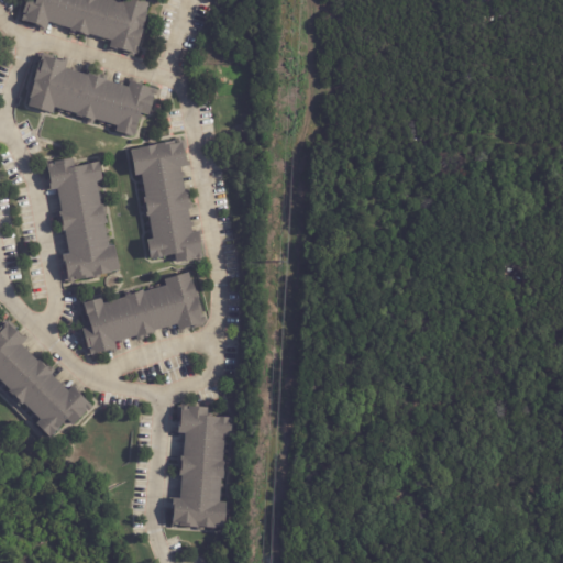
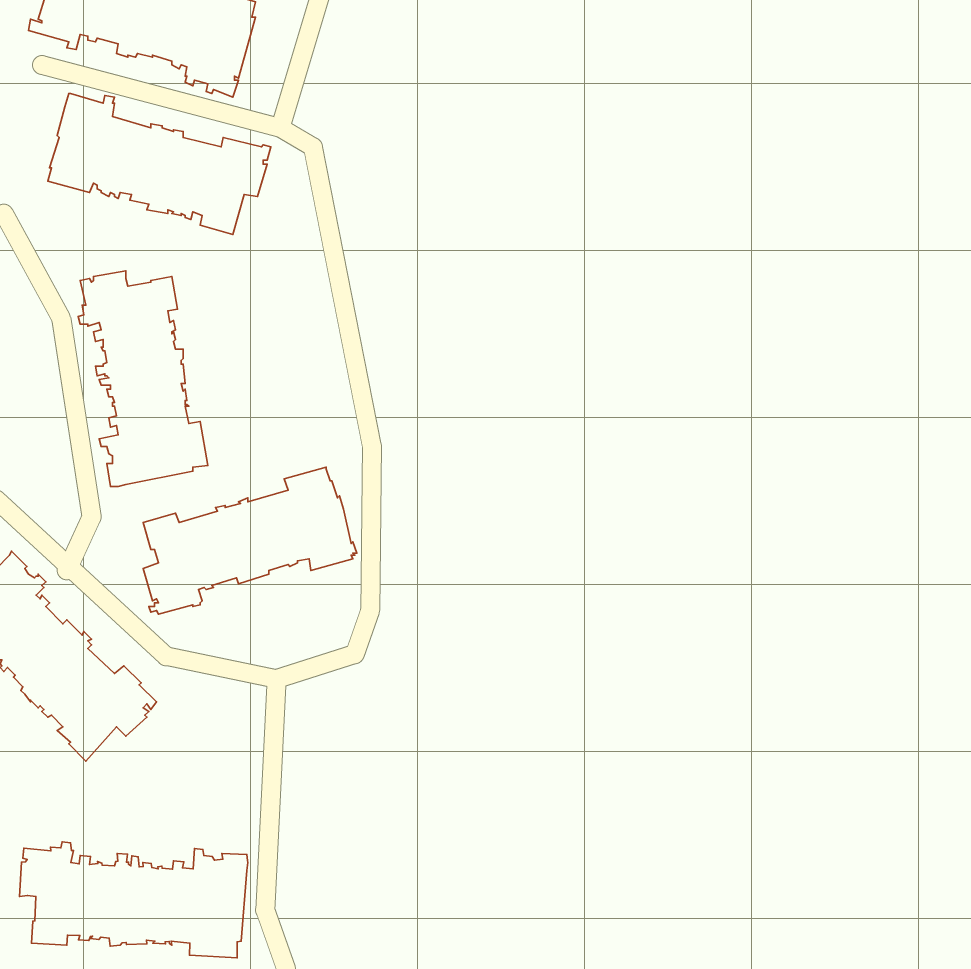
building: [130,135,202,263] -> none
building: [168,402,233,528] -> none
building: none -> [20,842,248,958]

